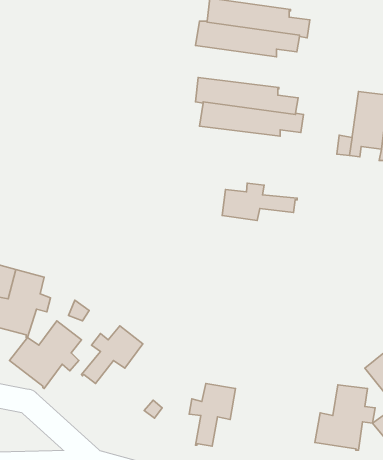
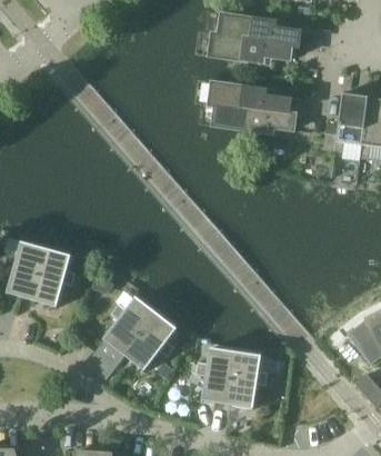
building: [222,183,297,220] -> none
building: [9,321,81,389] -> [116,313,178,371]
building: [315,385,375,450] -> [217,351,269,408]

